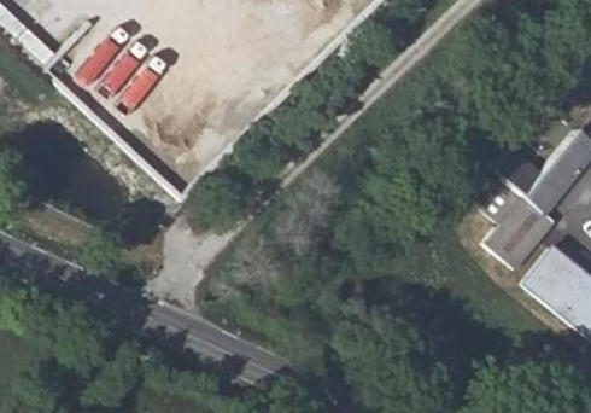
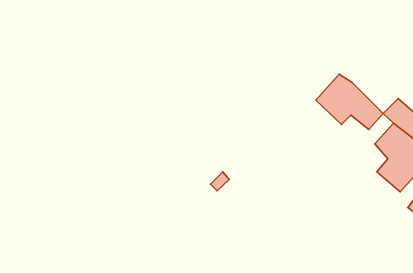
building: none -> [316,74,383,129]

